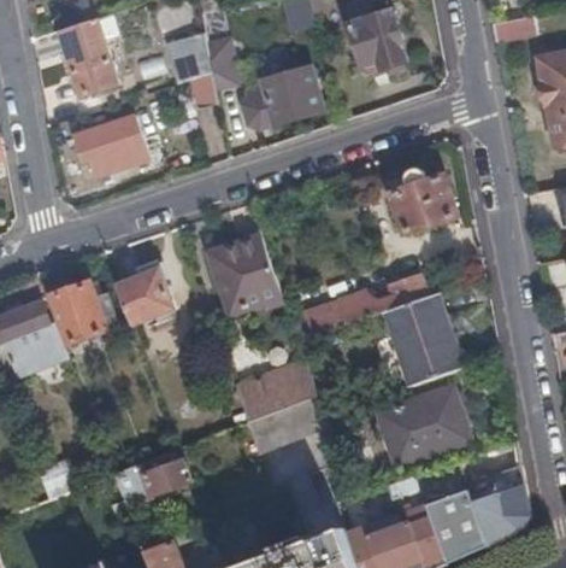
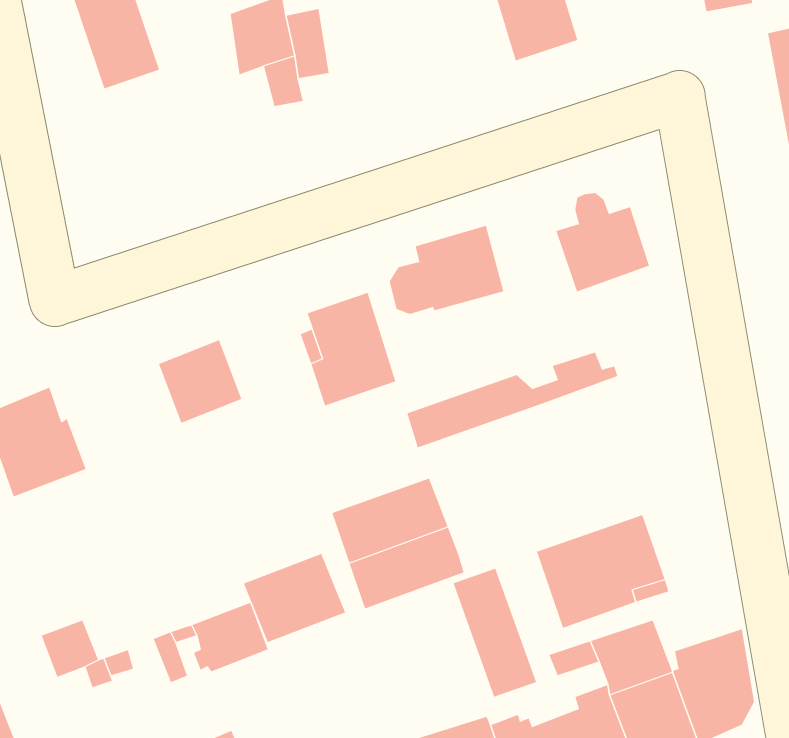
building: [241,66,320,128] -> [389,225,504,314]
building: [71,116,148,178] -> none
building: [51,282,113,345] -> none
building: [384,293,454,385] -> none
building: none -> [243,553,346,643]
building: none -> [453,568,537,697]

